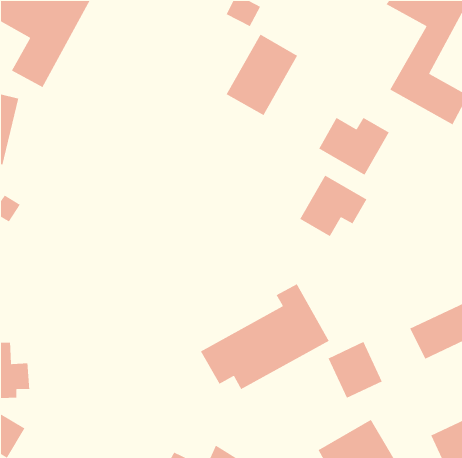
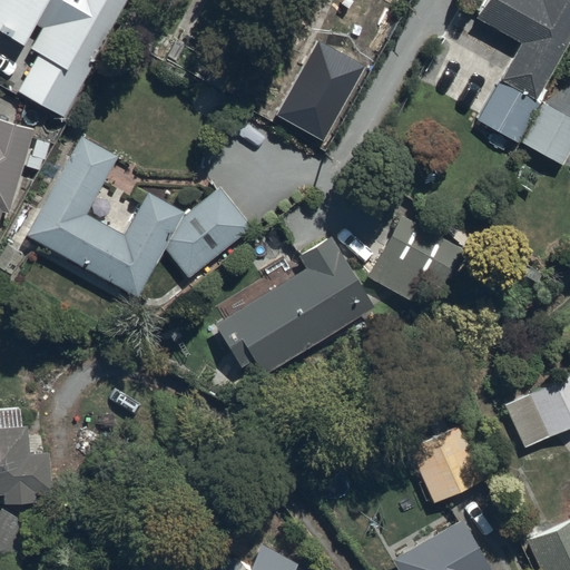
building: none -> [32,140,249,292]
building: [318,117,390,176] -> none
building: [200,283,330,390] -> [216,236,375,367]

